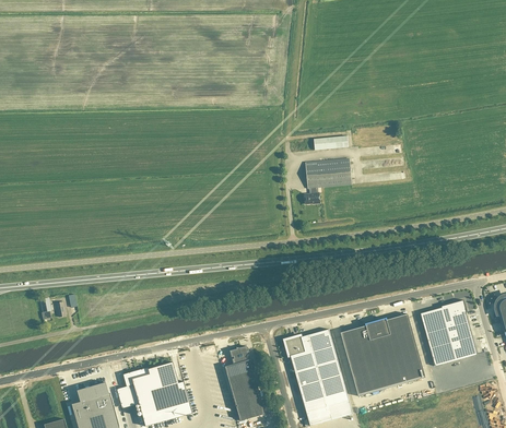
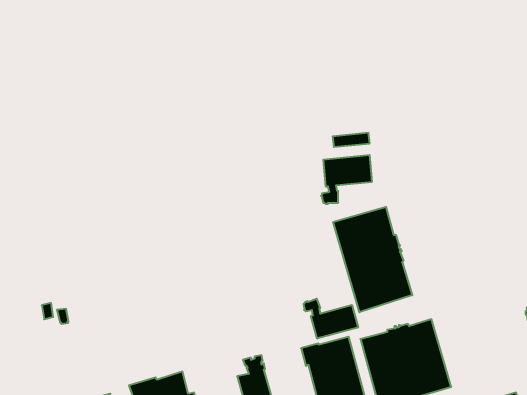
building: none -> [333,207,412,312]
building: none -> [304,299,358,339]
building: [421,300,476,366] -> none

